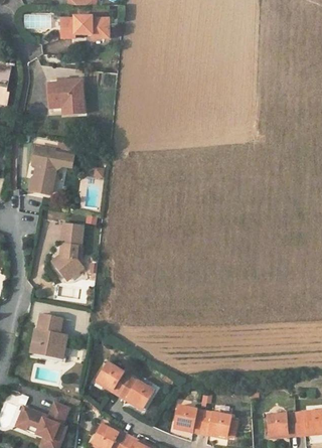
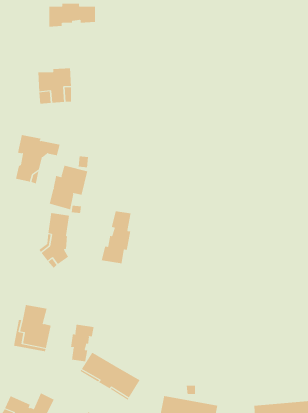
building: none -> [49,165,88,210]
building: none -> [101,210,131,264]
building: none -> [71,324,94,362]

